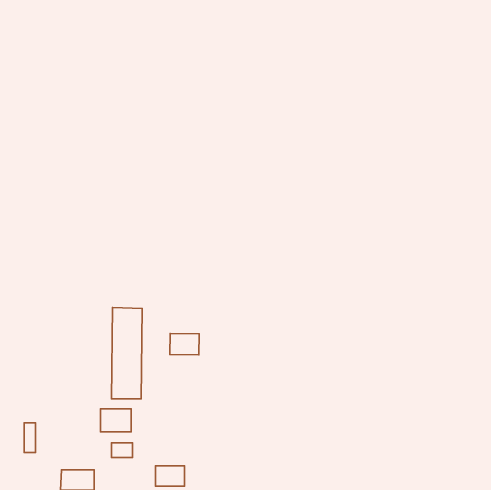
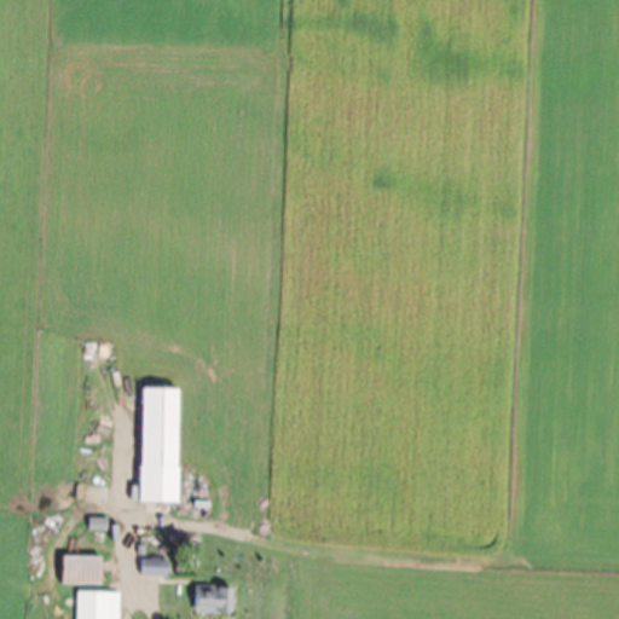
building: [170,334,199,355] -> none
building: [100,409,131,432] -> [62,555,100,584]

